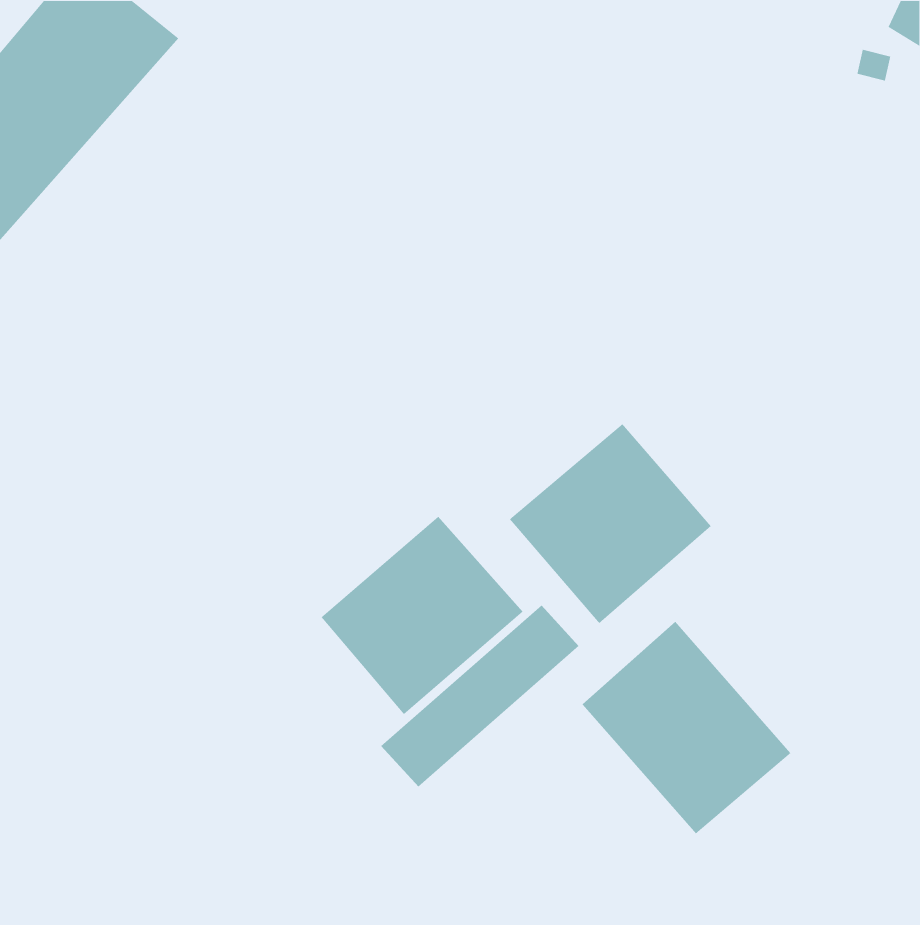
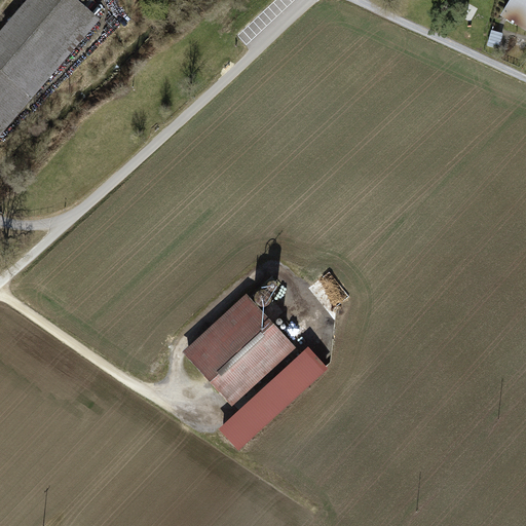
building: [509,423,712,624] -> none
building: [581,621,792,835] -> none

